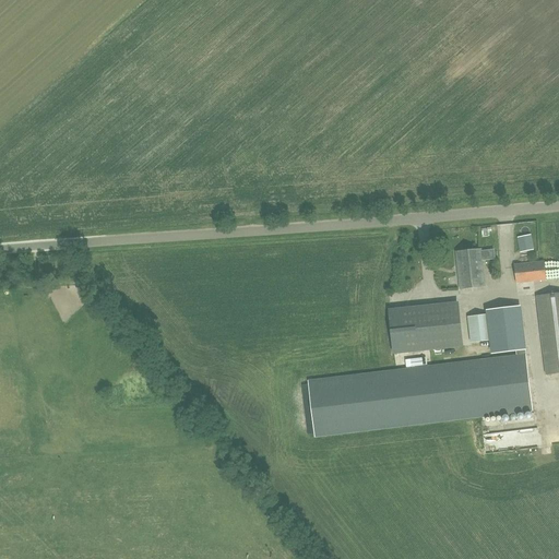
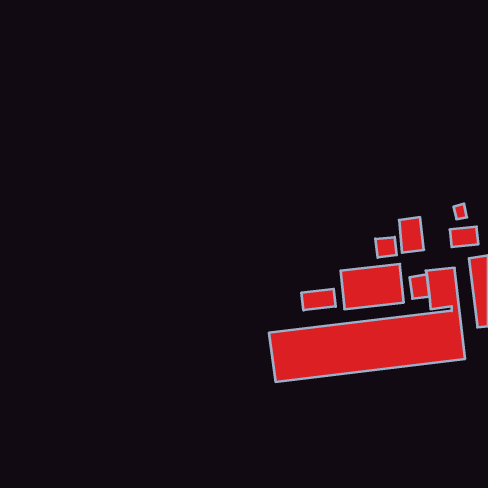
building: none -> [375,237,397,258]
building: none -> [302,289,336,310]

